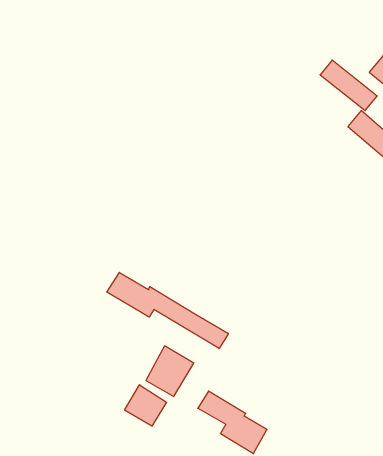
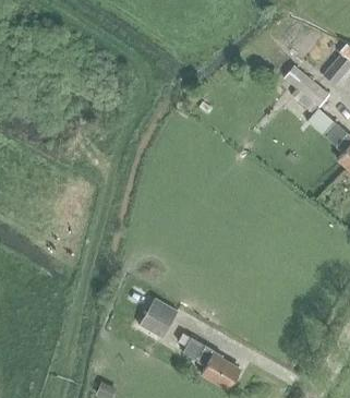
building: [107,272,228,349] -> none
building: [125,385,167,426] -> none

